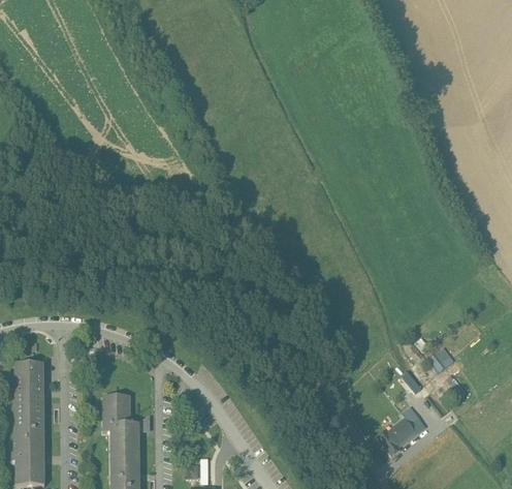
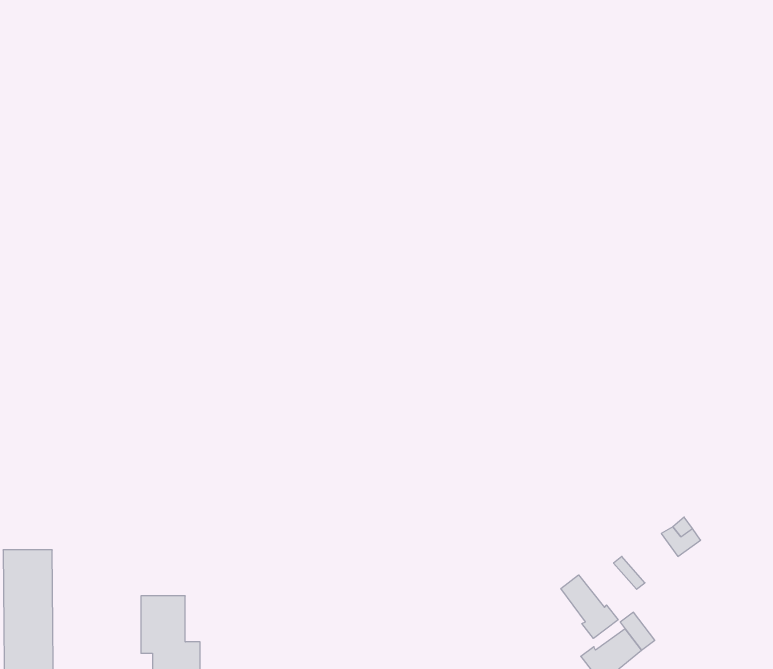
building: none -> [561,575,618,638]

